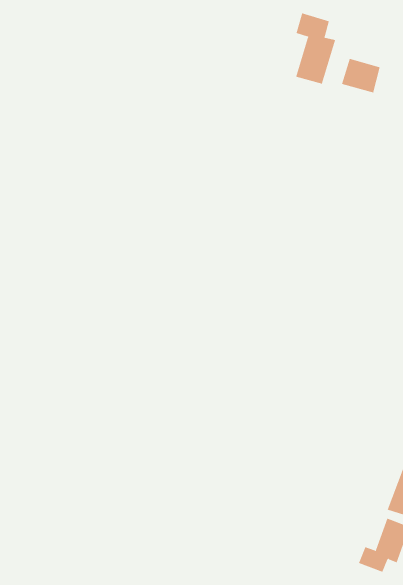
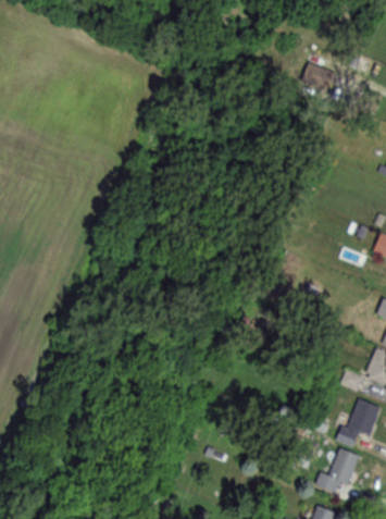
building: [295,12,336,85] -> none

